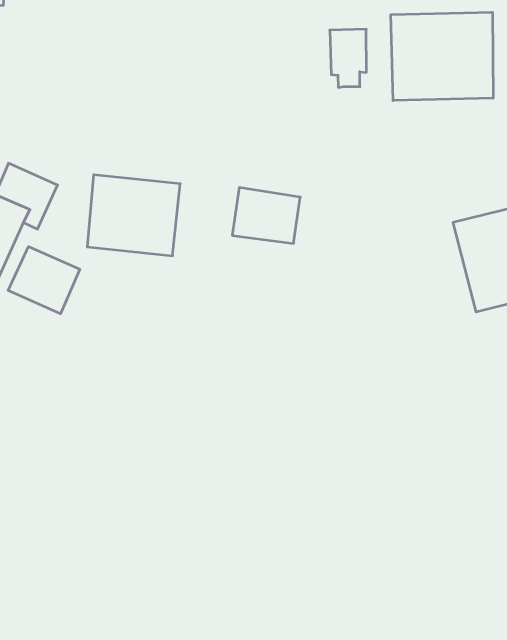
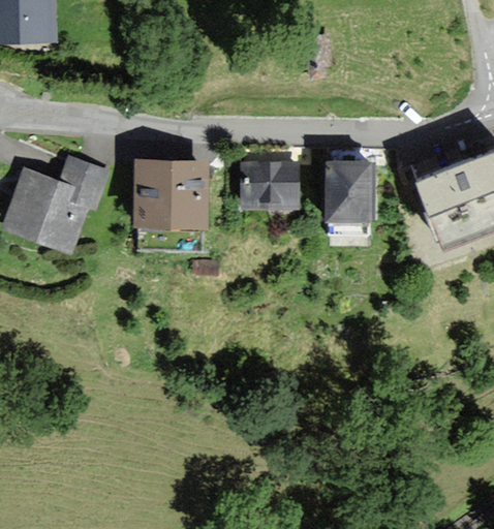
building: [391,12,493,101] -> none
building: none -> [326,163,368,215]
building: [8,247,80,314] -> none

